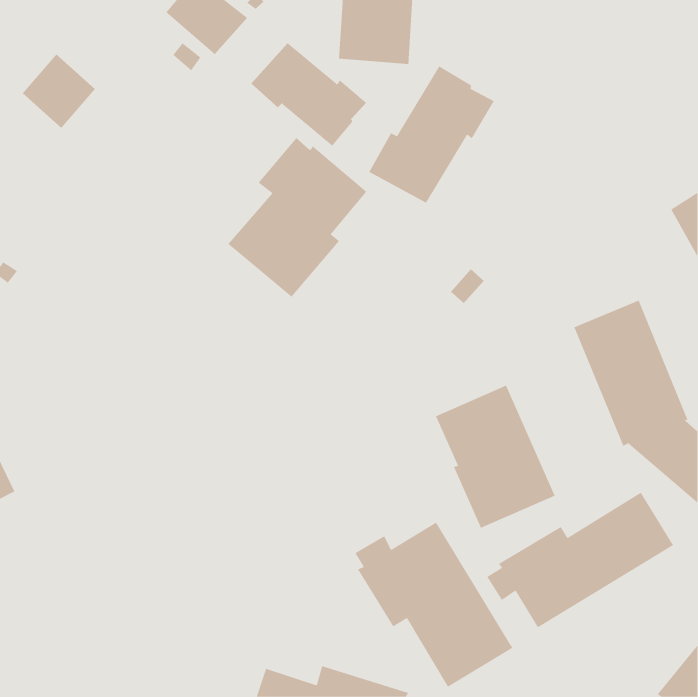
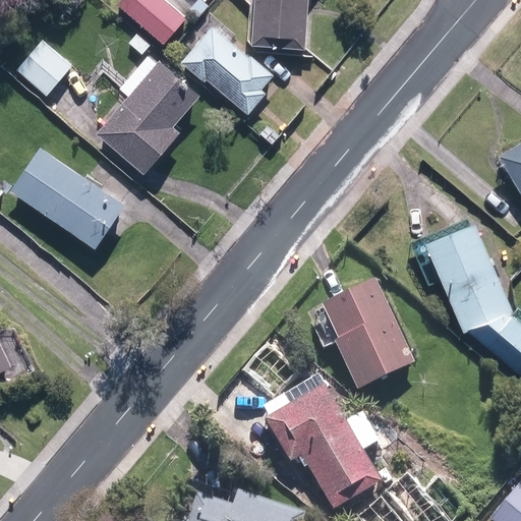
building: [369,65,494,203] -> none
building: [228,137,367,297] -> [97,54,200,173]
building: none -> [9,146,125,248]
building: [487,492,674,628] -> none

